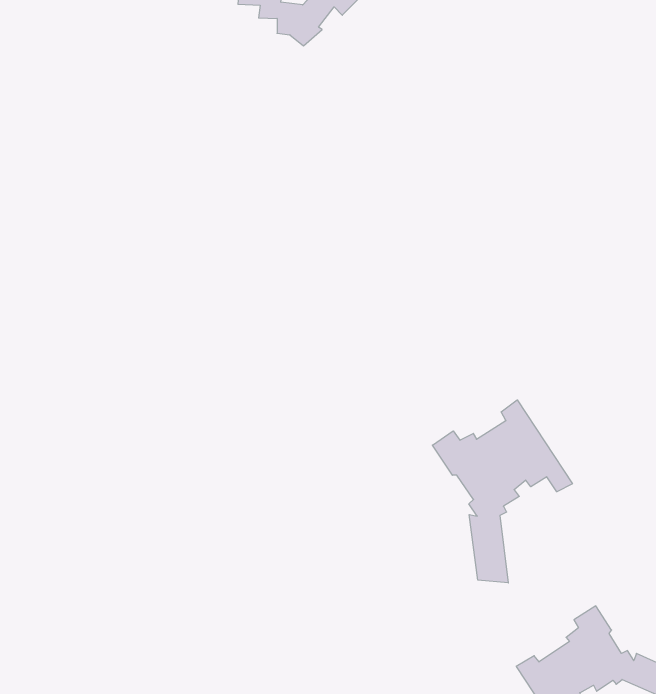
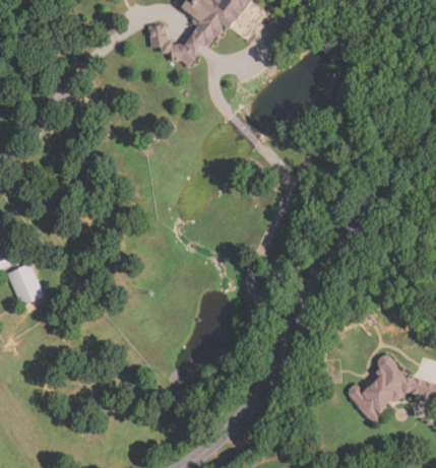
building: [432,400,572,583] -> none

